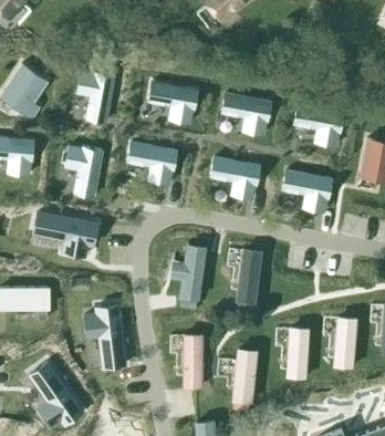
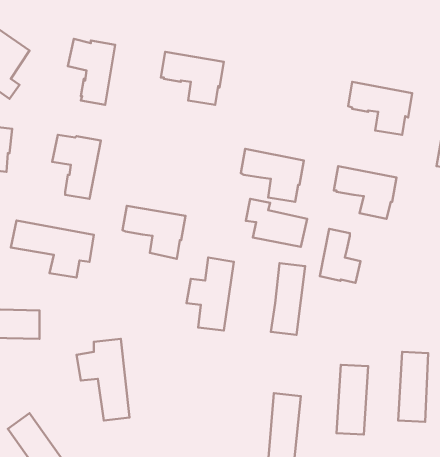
building: [221,94,271,135] -> none
building: [127,144,176,185] -> [123,206,186,259]
building: none -> [246,199,307,247]
building: none -> [320,229,361,283]
building: [180,332,201,386] -> none

